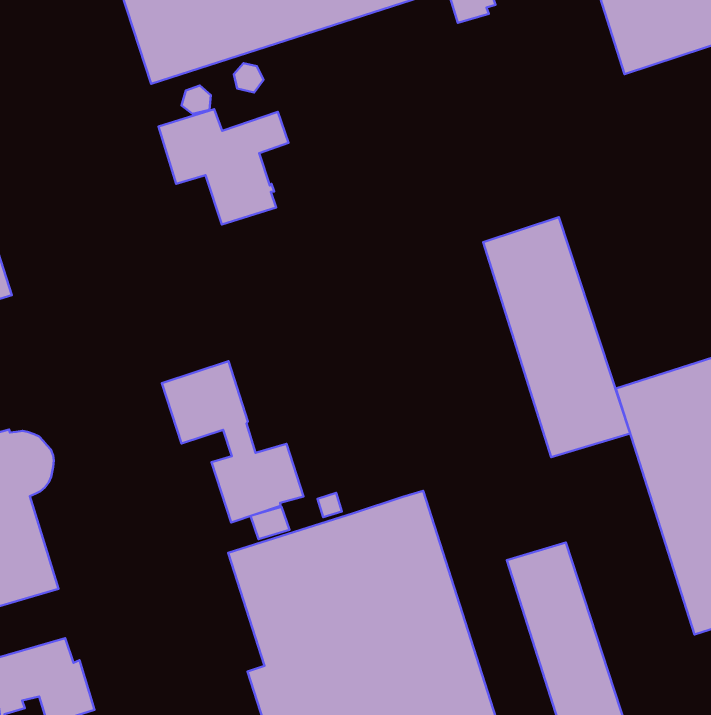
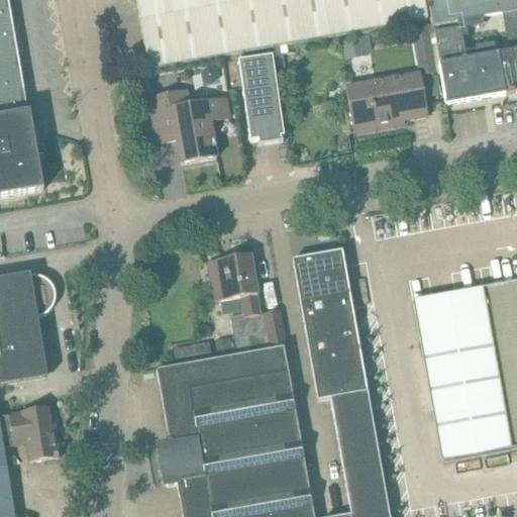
building: none -> [235,51,284,142]
building: none -> [346,73,427,130]
building: [483,217,630,457] -> [293,247,369,397]
building: [162,361,303,522] -> [207,251,286,352]

